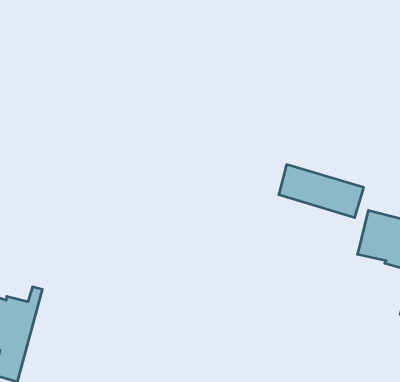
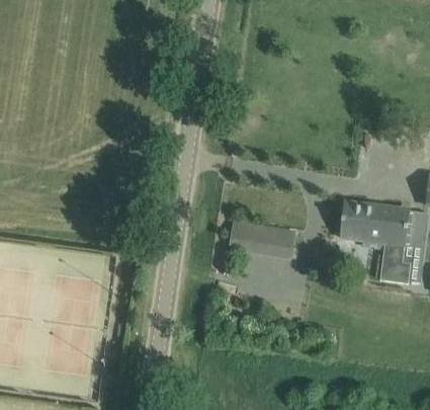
building: [279,165,364,218] -> [230,222,295,256]

